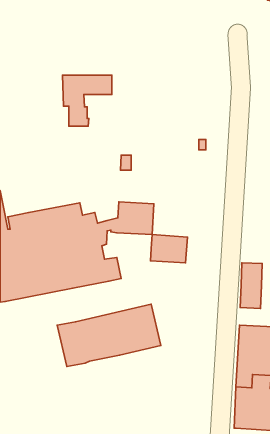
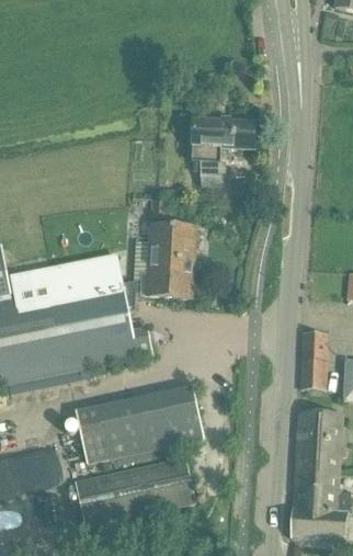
building: [63,75,112,126] -> [193,122,254,185]
building: [150,234,187,263] -> [149,225,195,260]
building: none -> [73,455,194,525]

